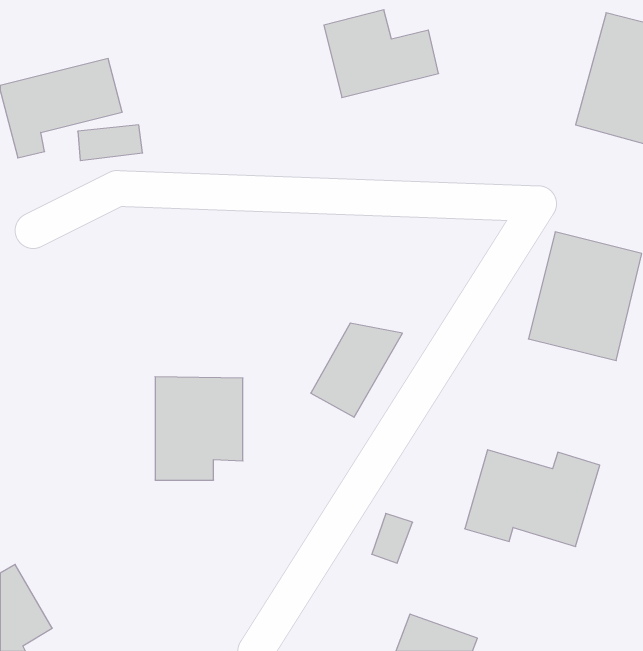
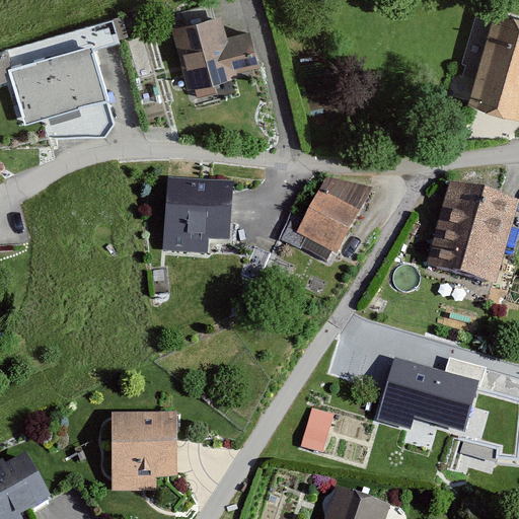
building: [324,10,439,98] -> [171,13,263,83]
building: none -> [159,178,232,253]
building: [311,323,402,417] -> [297,176,370,251]
building: [155,377,243,480] -> [104,410,174,492]

